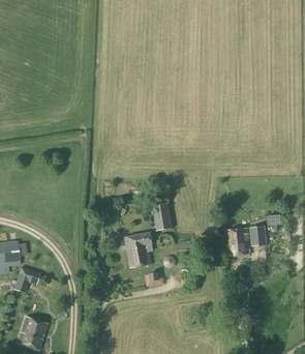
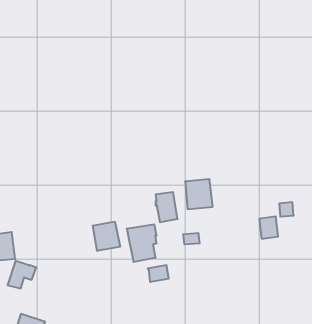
building: [225,228,251,256] -> [185,179,213,209]
building: none -> [93,222,120,251]

